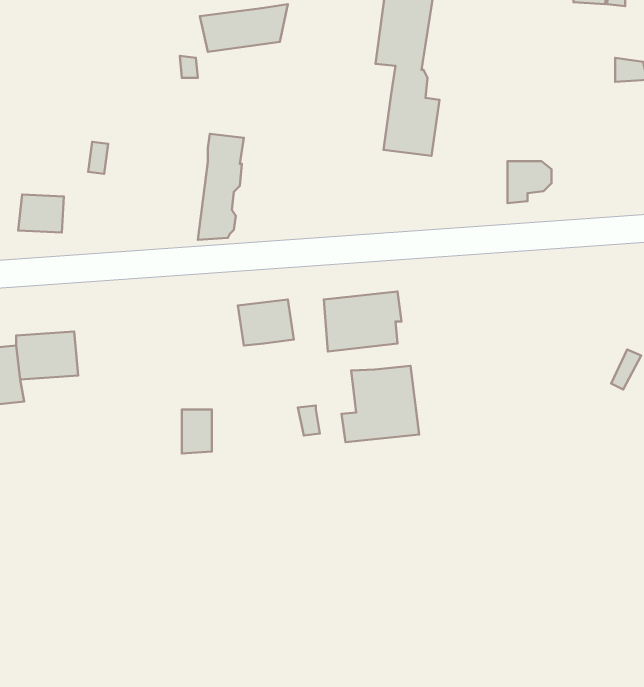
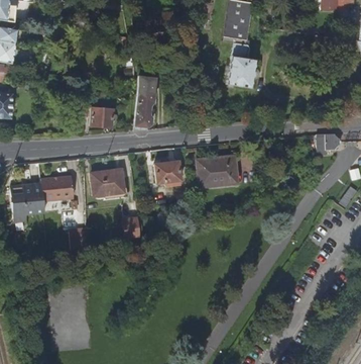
building: [508,161,552,203] -> [317,133,339,155]
building: [18,195,64,233] -> [90,107,113,126]
building: none -> [92,169,124,195]
building: [341,366,419,442] -> none

